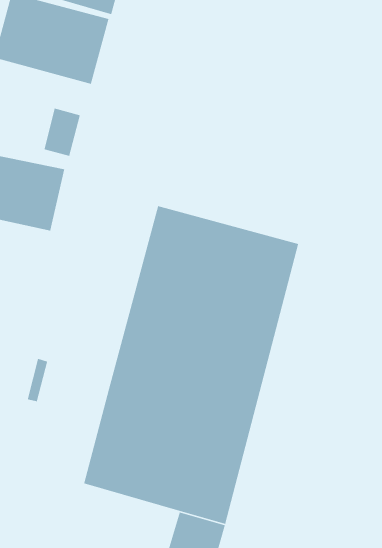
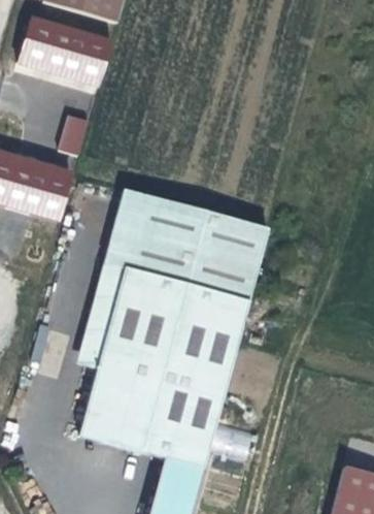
building: none -> [83,189,148,353]

